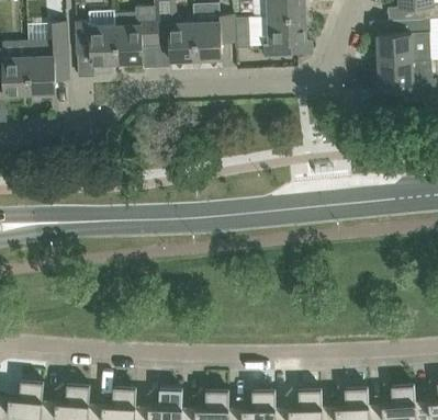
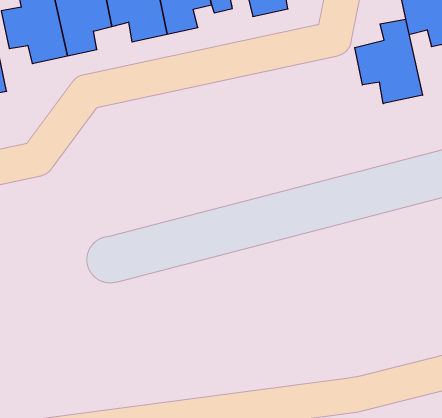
building: none -> [355,19,423,104]

